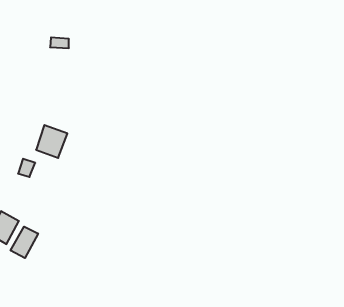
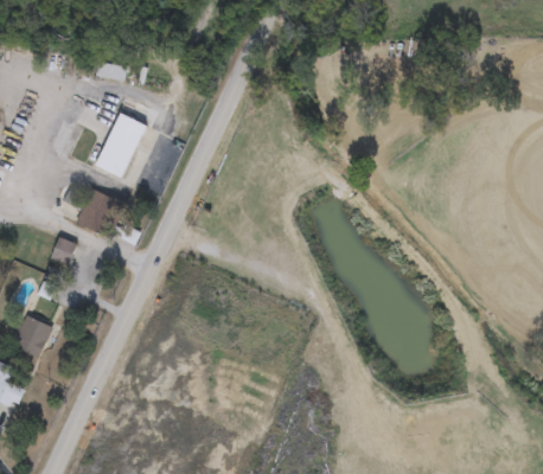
building: none -> [96,113,146,178]
building: [11,227,38,258] -> none

